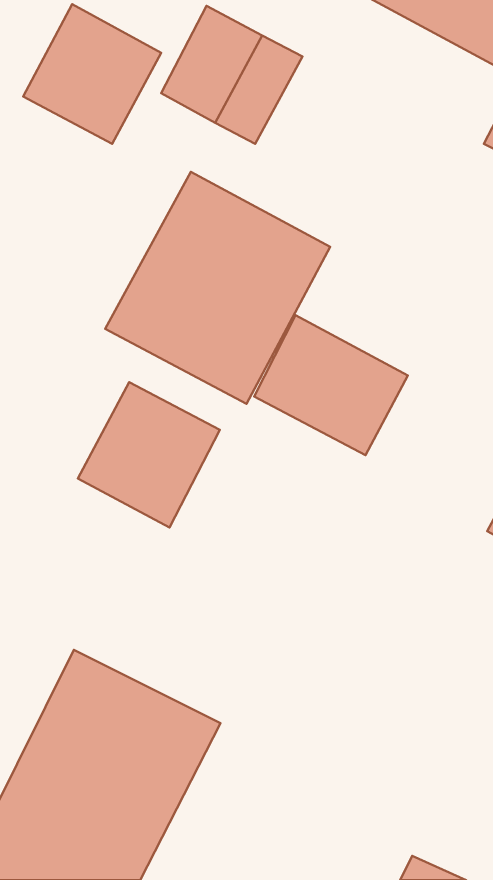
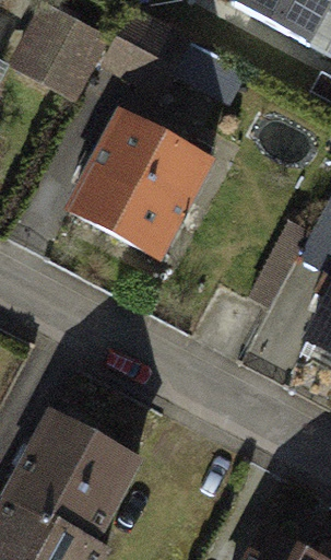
building: [254,315,408,455] -> none
building: [78,382,220,528] -> none

